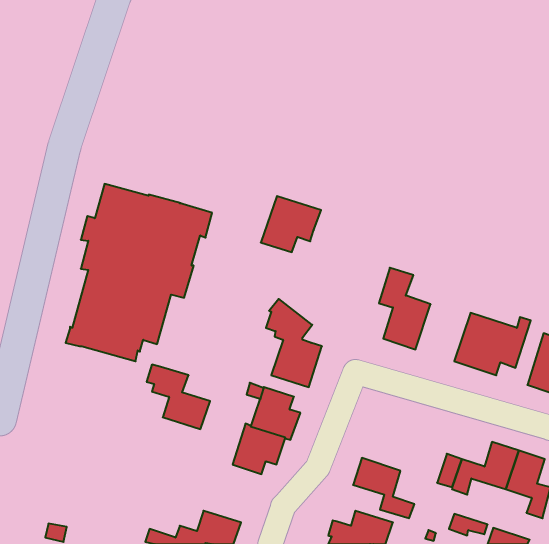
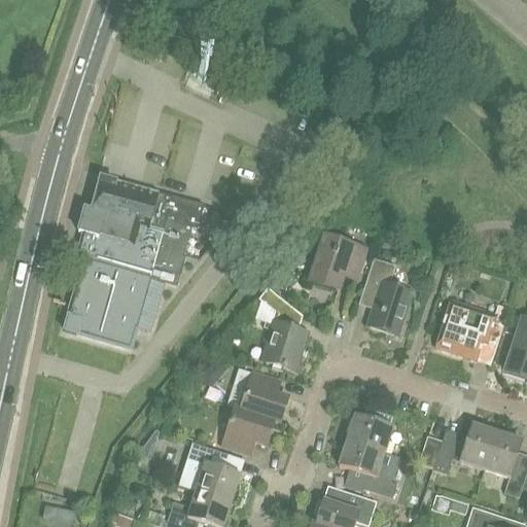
building: [261,196,321,252] -> [309,235,366,288]
building: [147,365,210,429] -> [180,438,241,500]
building: none -> [347,414,392,451]

